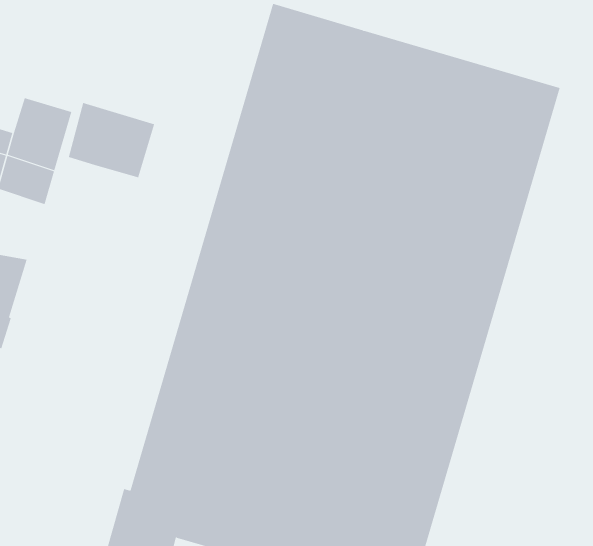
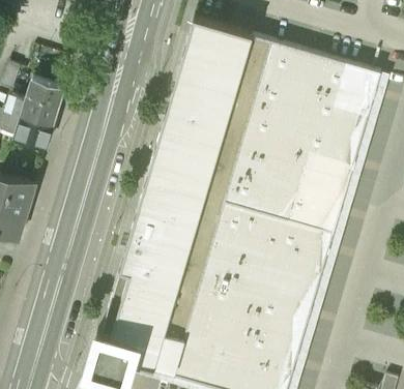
building: [68,102,155,178] -> none

